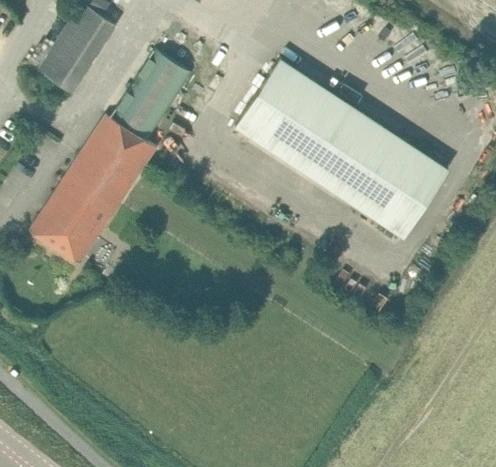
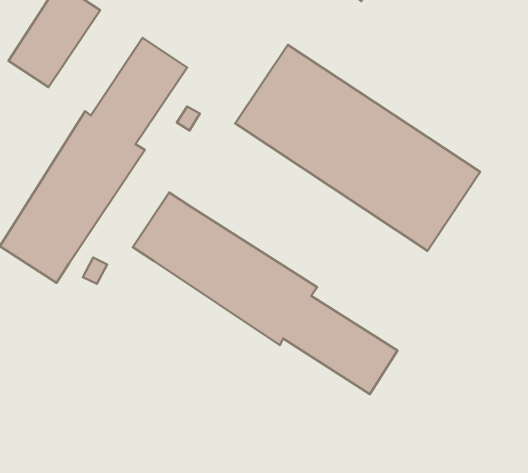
building: none -> [133,192,397,394]

